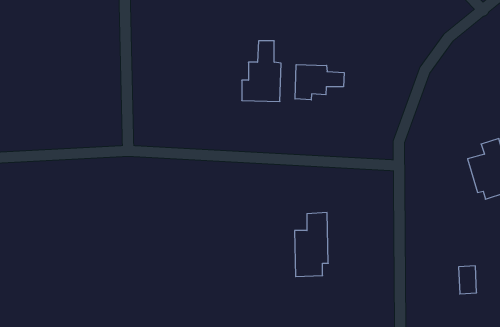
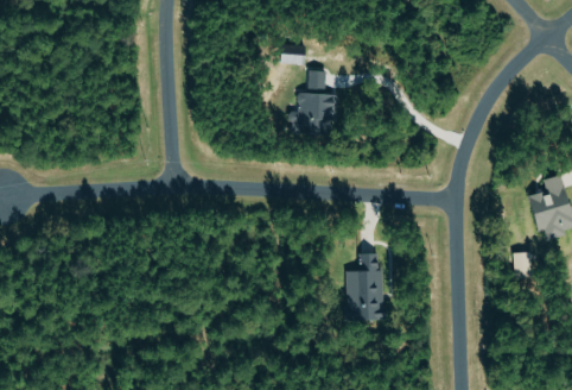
building: [295,65,344,100] -> none
building: [459,266,477,294] -> [515,251,534,281]

